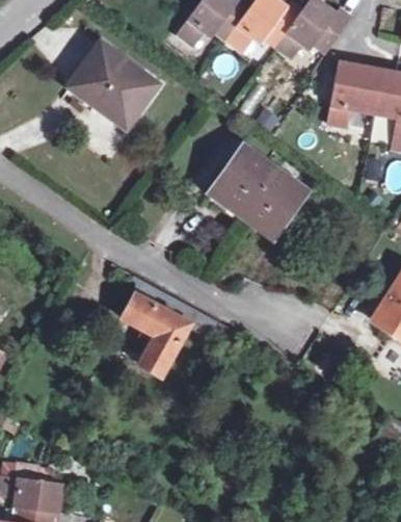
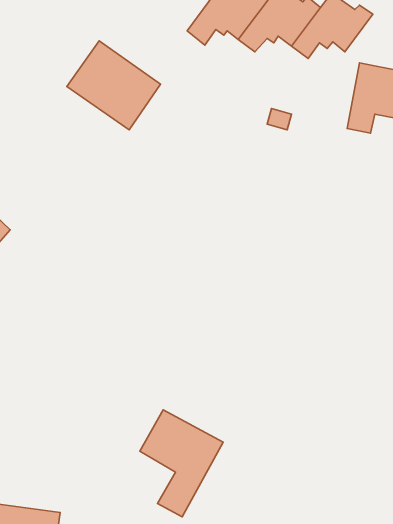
building: [209,145,303,228] -> none
building: [119,278,197,377] -> [140,410,223,517]

